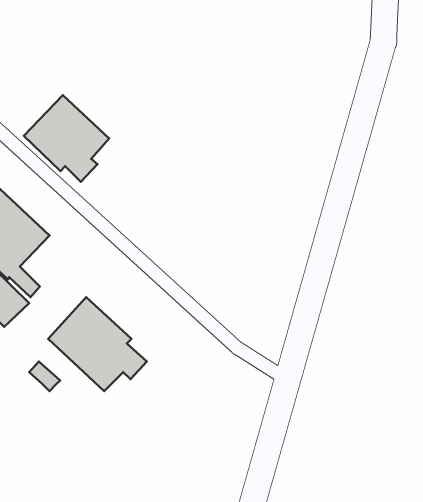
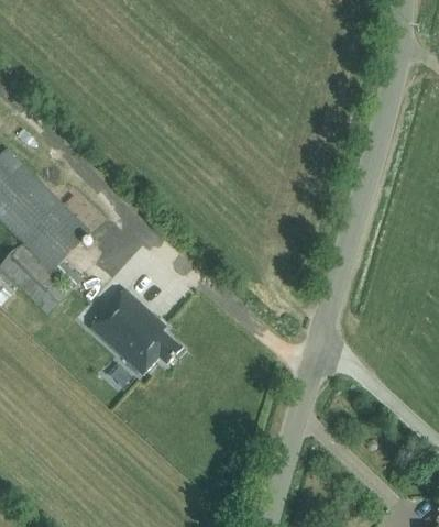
building: [24,95,109,182] -> none

